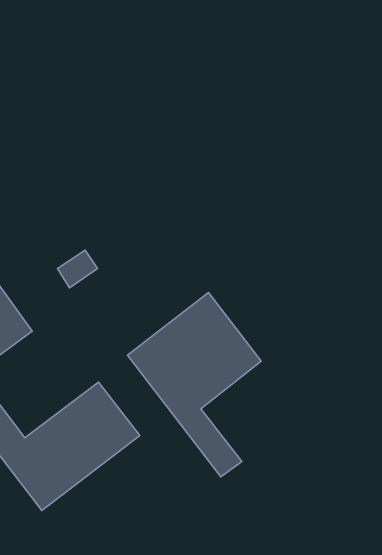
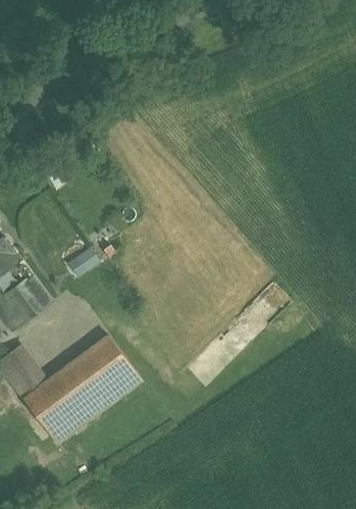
building: [127,292,261,477] -> none

